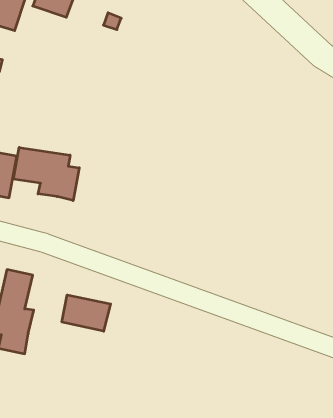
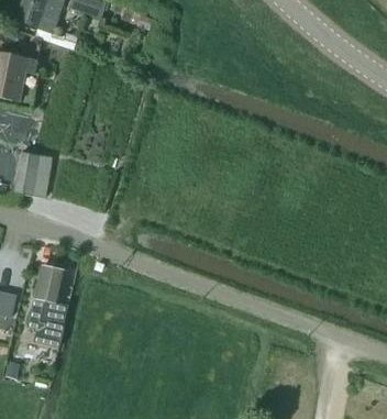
building: [13,147,79,201] -> none
building: [62,295,111,331] -> none

